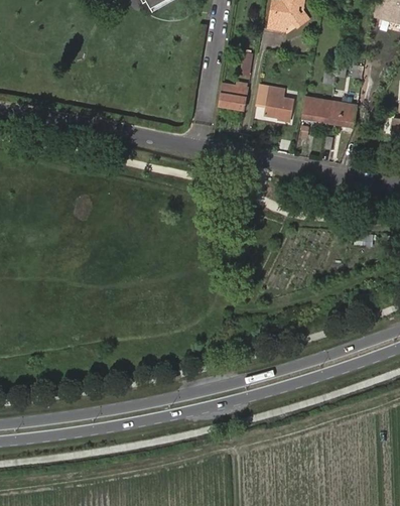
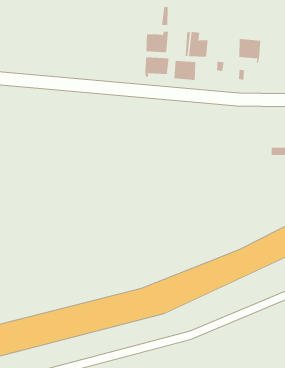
building: [302,97,331,123] -> [173,61,196,80]
building: none -> [145,56,169,78]

